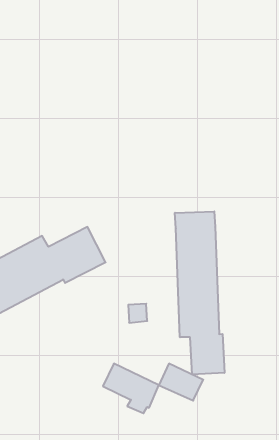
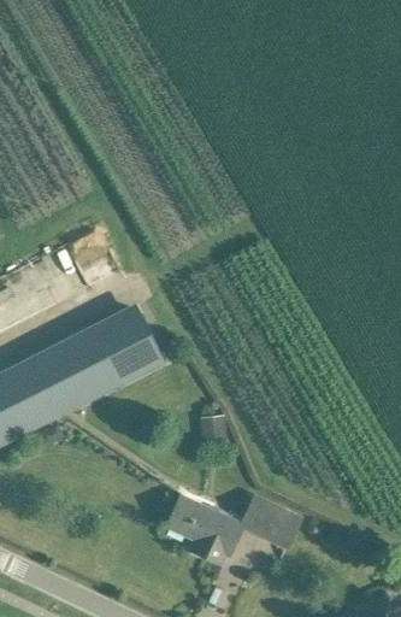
building: [175,211,224,374] -> none

